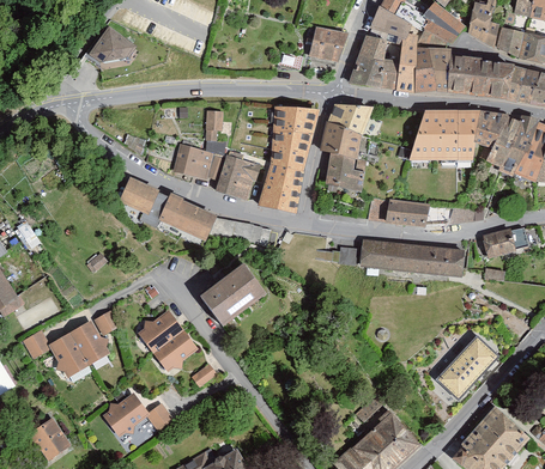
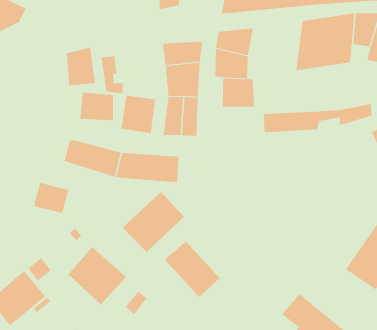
building: none -> [66,47,96,86]
building: [121,176,162,213] -> [33,182,69,213]
building: [340,237,462,275] -> none
building: none -> [164,240,220,298]

